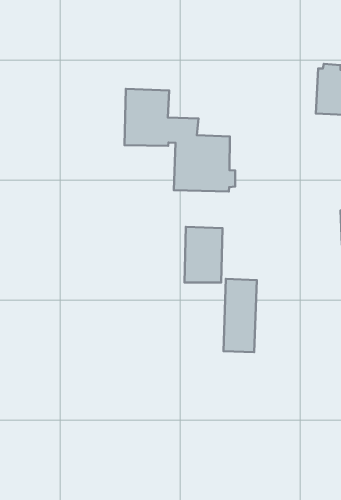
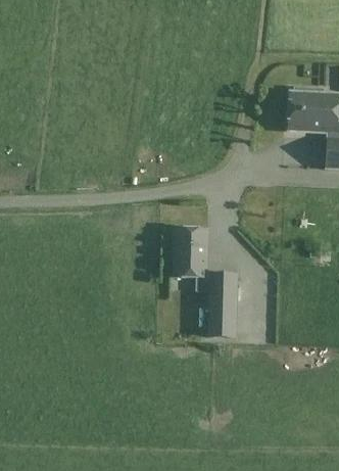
building: [125,89,235,192] -> none

